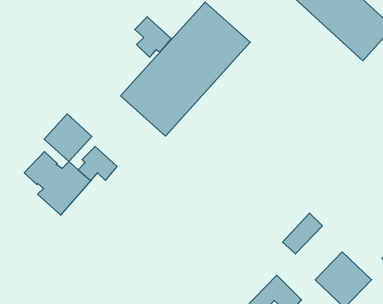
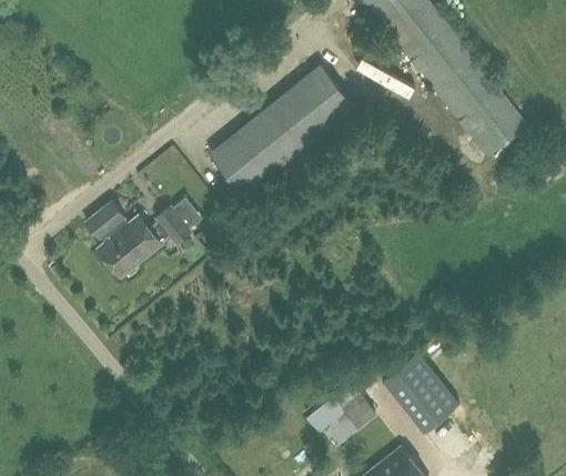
building: [135,17,171,57] -> none
building: [44,114,92,162] -> none
building: [283,213,322,254] -> [382,352,429,395]

